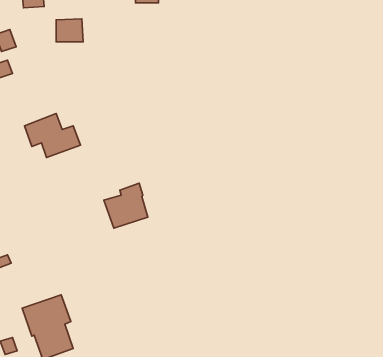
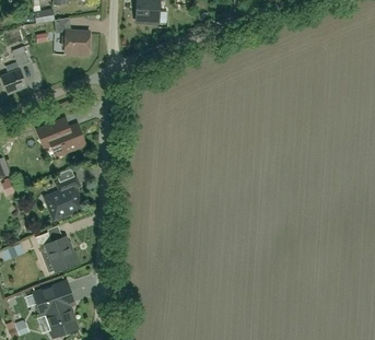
building: [104,183,148,228] -> [43,178,82,219]
building: none -> [43,235,78,272]

